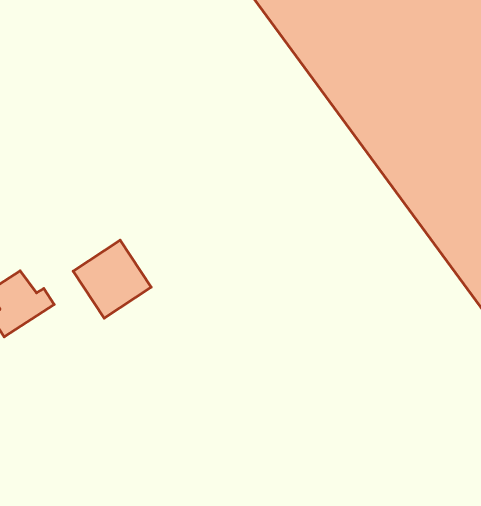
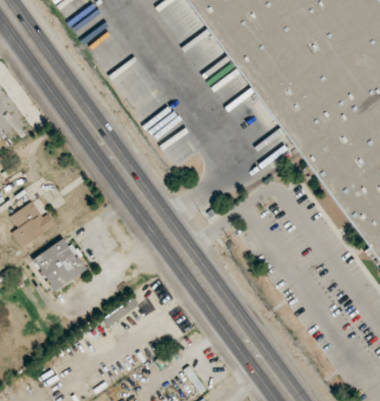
building: [73,240,151,318] -> [35,236,89,290]

